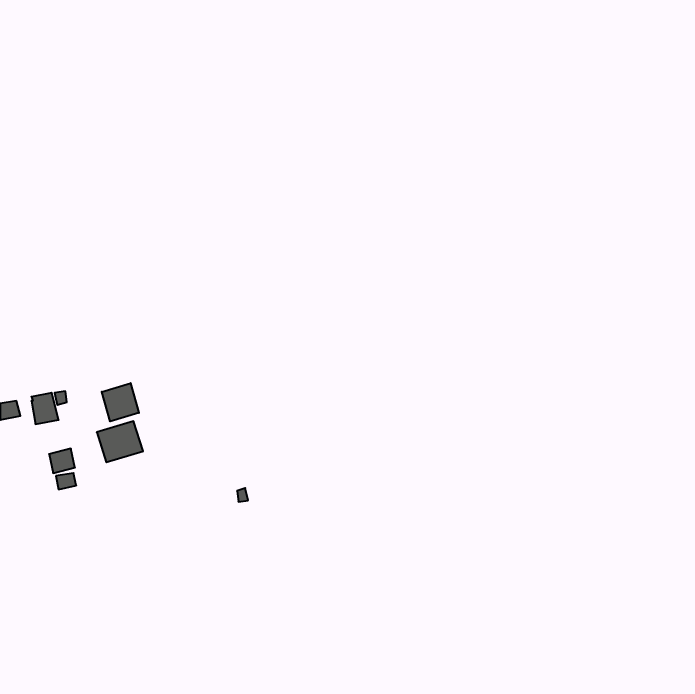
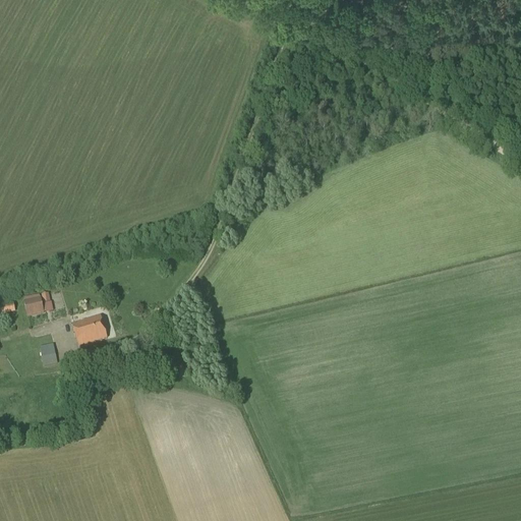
building: [102,383,139,421] -> none

